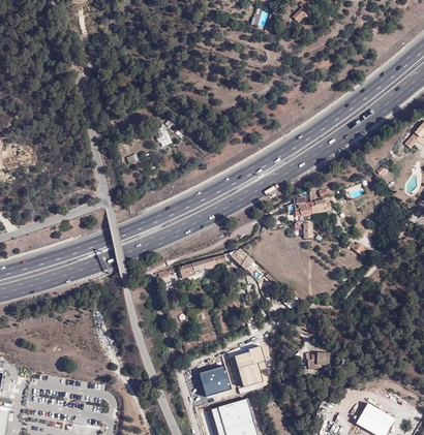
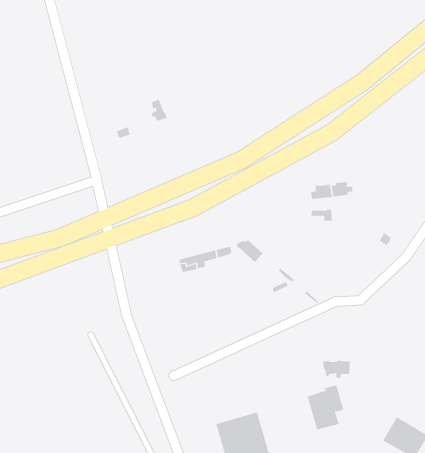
building: [234,346,266,385] -> [307,385,344,430]
building: [200,366,230,396] -> none

